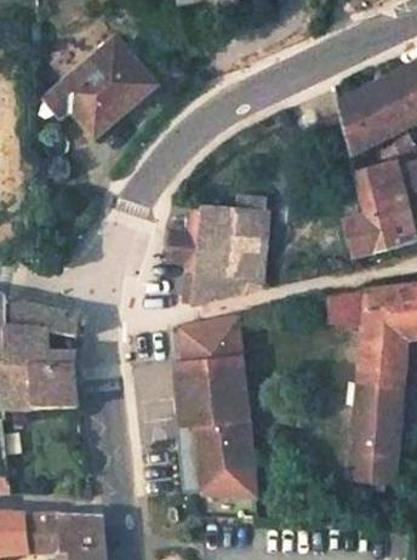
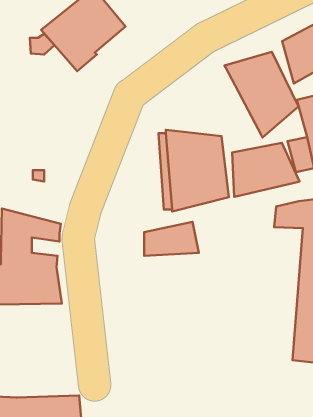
building: none -> [225,52,299,138]
building: none -> [232,143,300,197]
building: [171,355,255,495] -> none

